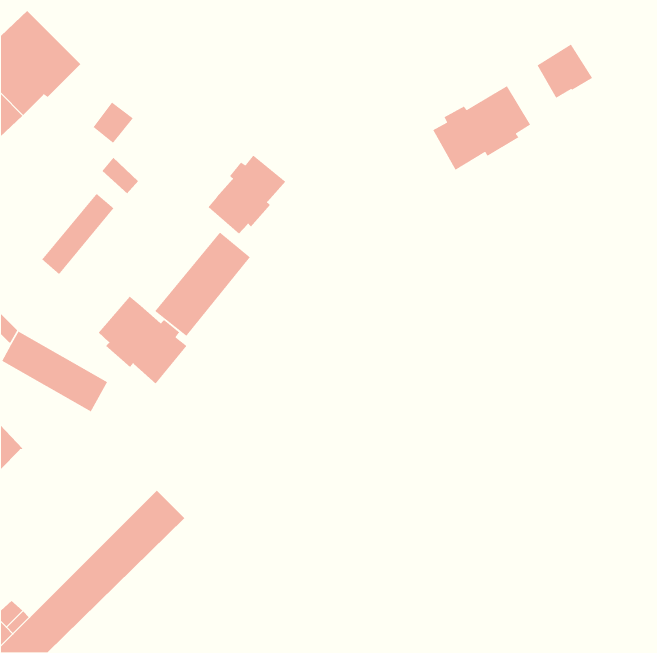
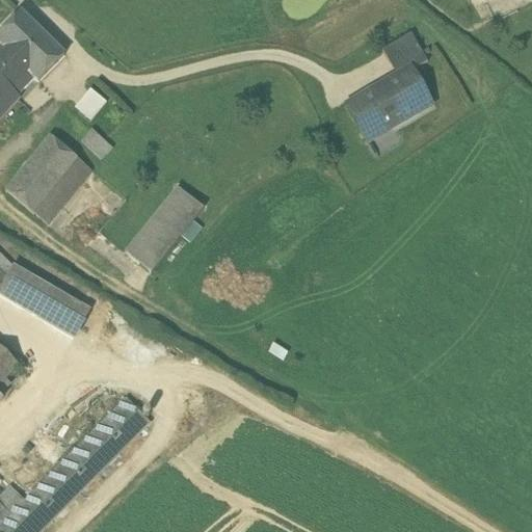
building: [537,43,593,99] -> [382,31,428,76]
building: [207,155,286,234] -> none
building: none -> [5,133,78,210]
building: [98,295,188,385] -> none

